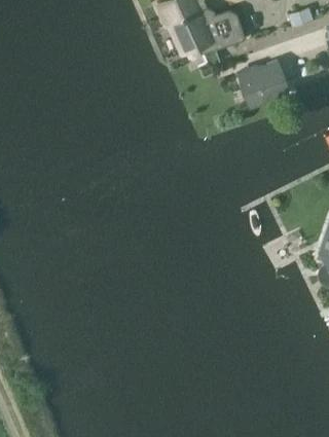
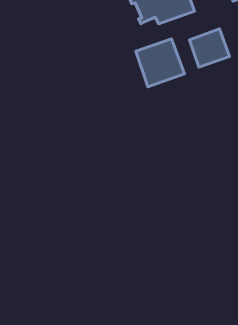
building: none -> [136,39,184,87]

